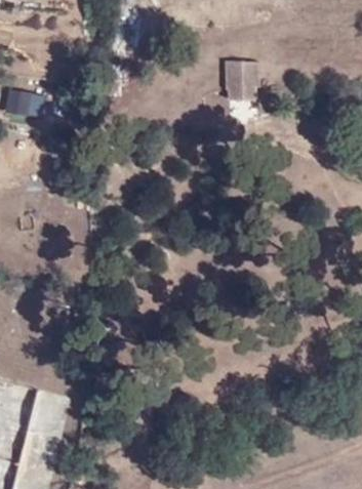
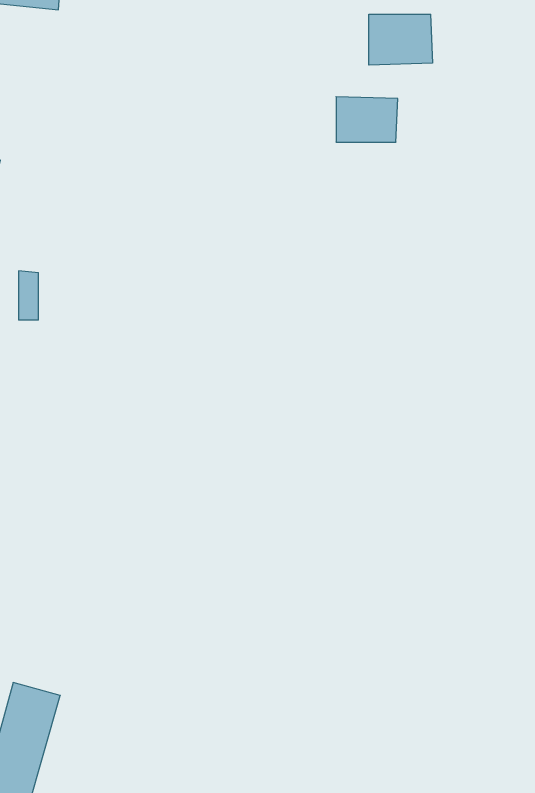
building: none -> [369,14,432,65]

